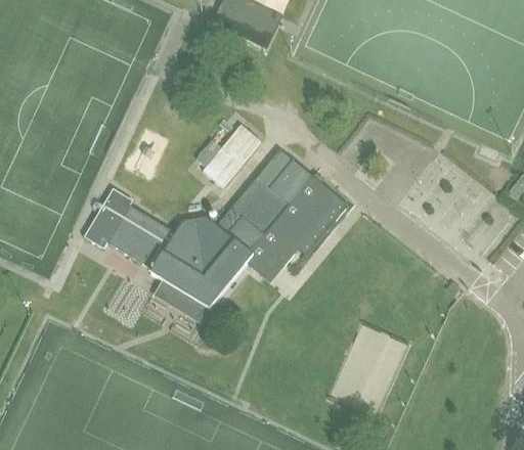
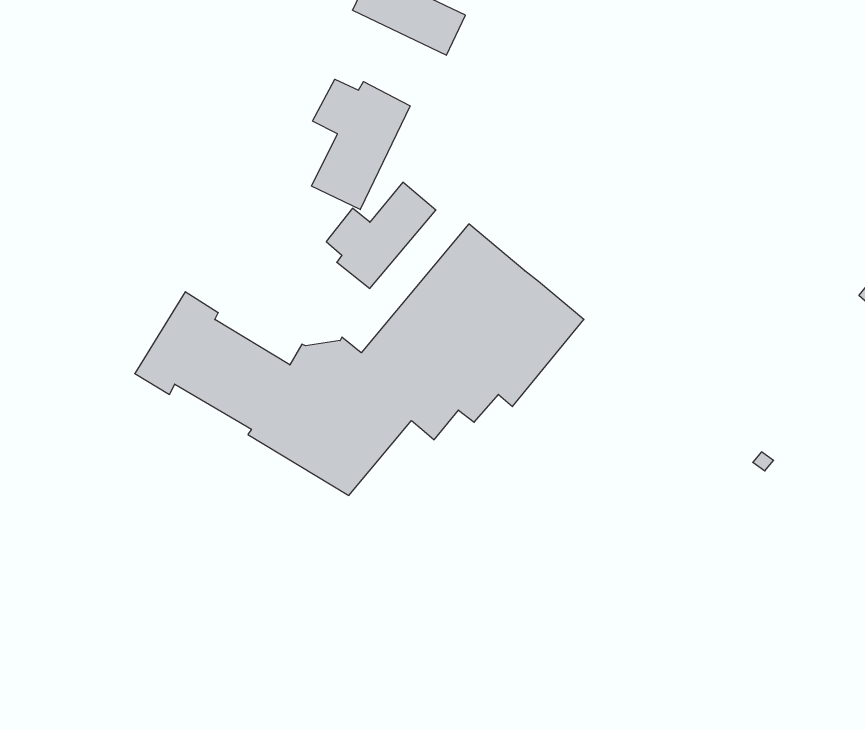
building: none -> [312,79,410,210]

